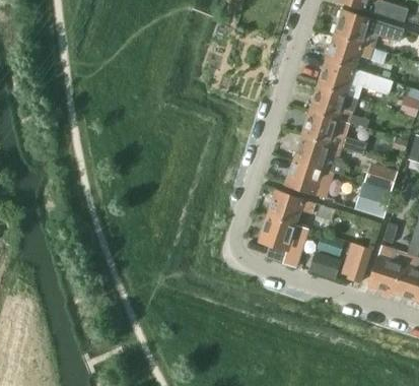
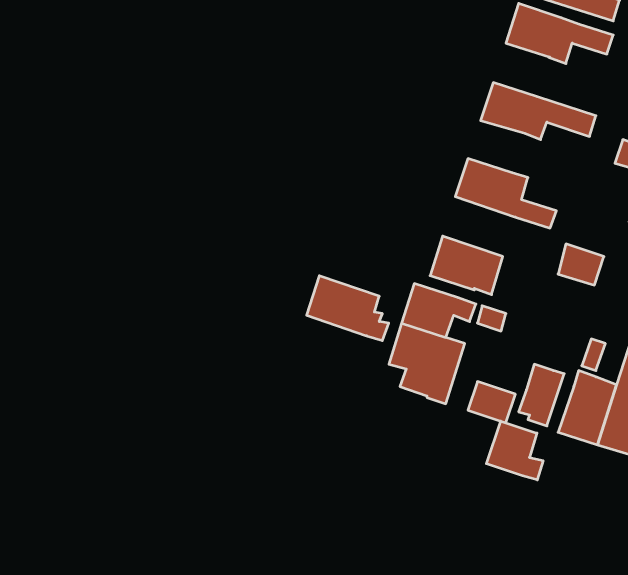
building: [326,36,372,70] -> none
building: [309,85,372,128] -> none
building: [293,134,346,176] -> [307,276,389,341]
building: [355,182,391,217] -> none
building: none -> [486,421,543,480]

